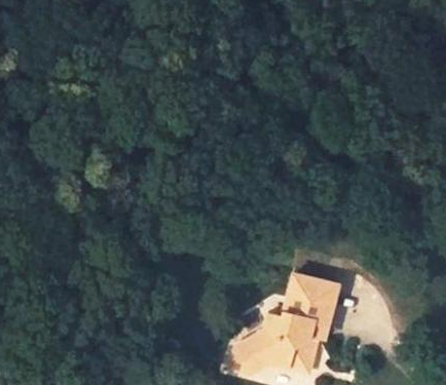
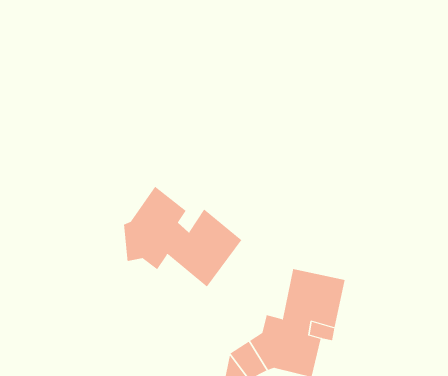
building: none -> [124,186,242,288]

